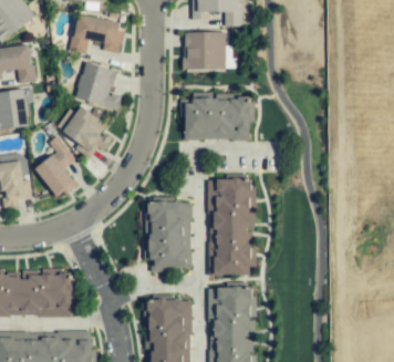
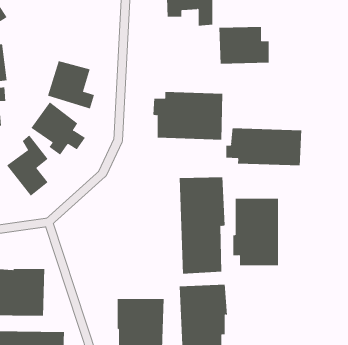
building: [72,15,124,53] -> none
building: [184,32,235,70] -> [219,26,270,64]
building: none -> [226,127,302,166]
building: [145,201,191,269] -> [232,198,279,266]

